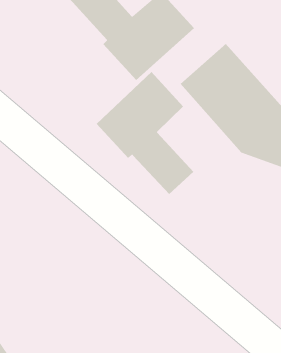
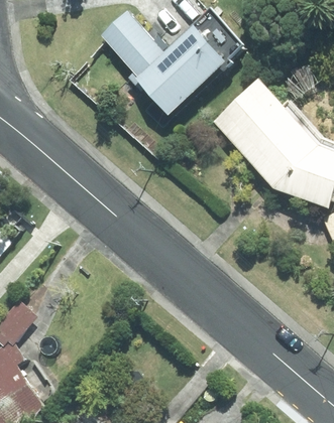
building: [96,71,194,195] -> none

